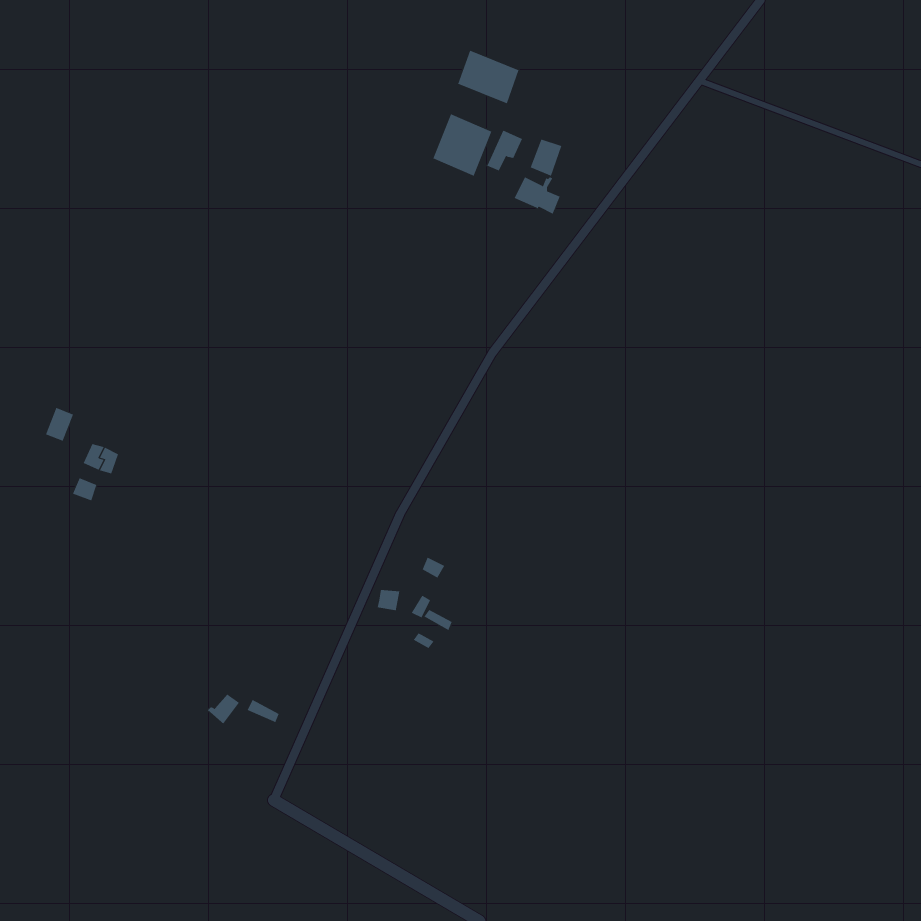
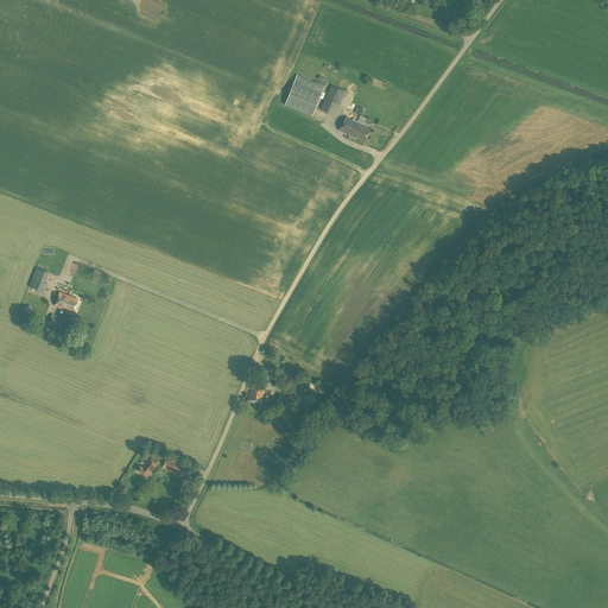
building: [458,50,519,104] -> none

